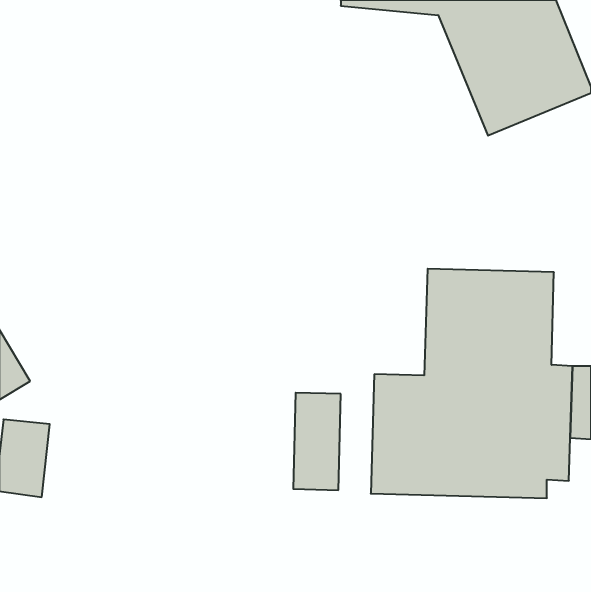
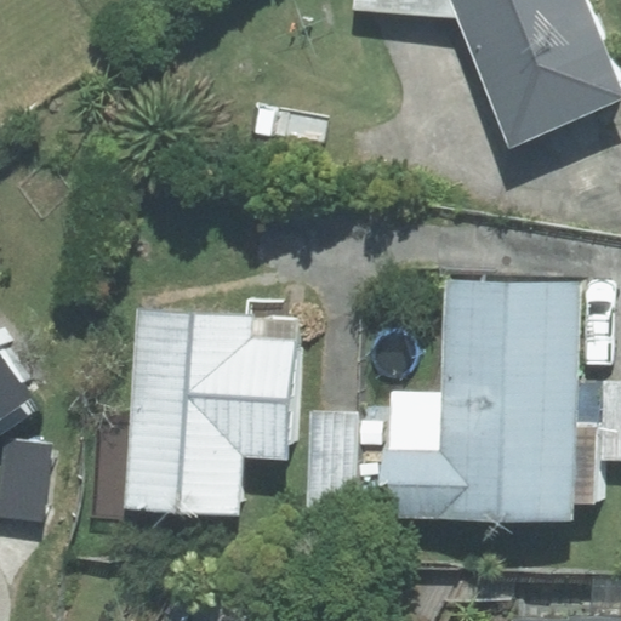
building: none -> [125,310,292,514]

